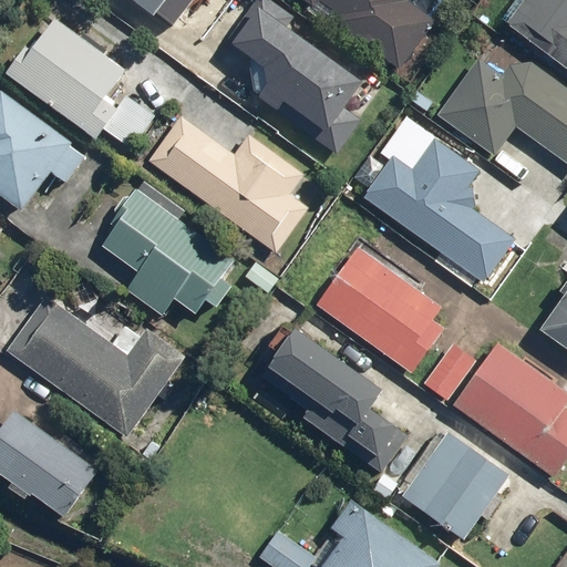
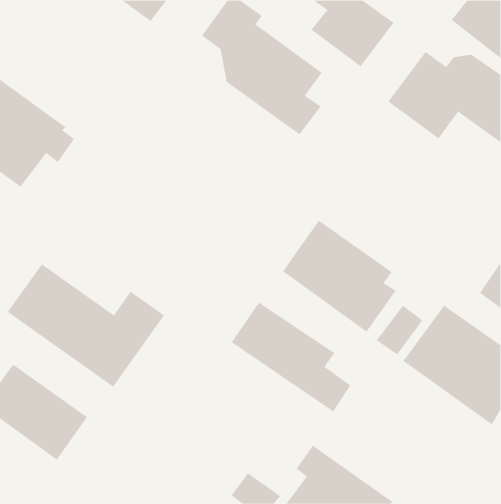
building: [6,19,153,147] -> none
building: [148,115,308,251] -> none
building: [362,137,514,281] -> none
building: [102,187,235,315] -> none
building: [401,431,508,539] -> none

